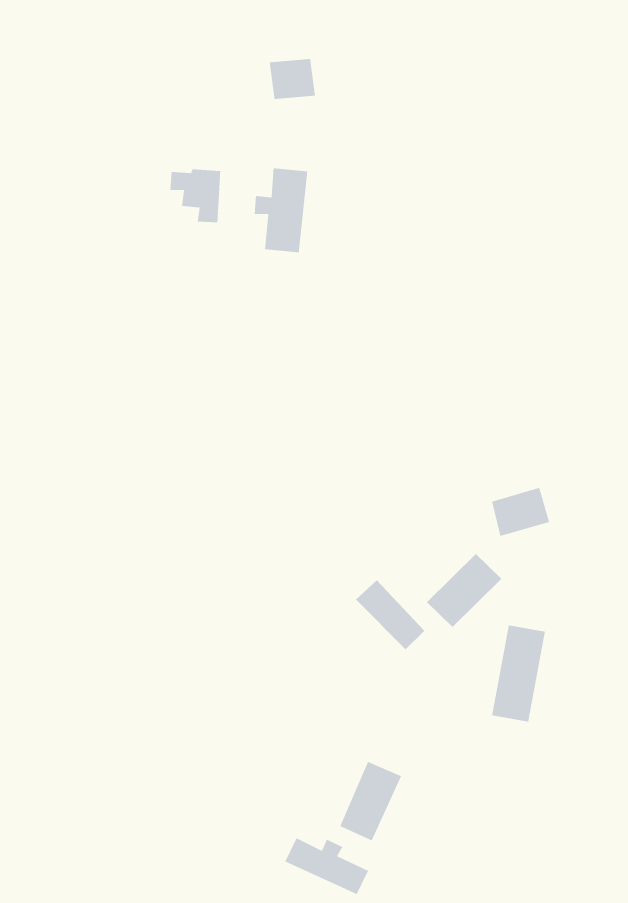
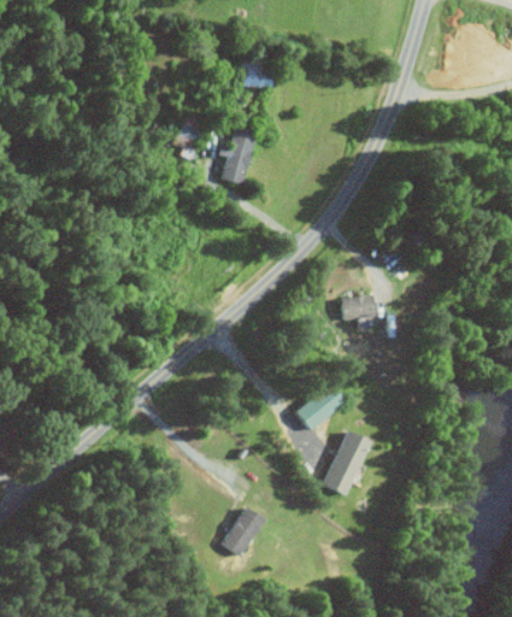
building: [491,487,550,537] -> [341,294,376,322]
building: [355,580,425,650] -> none
building: [284,837,369,895] -> none

